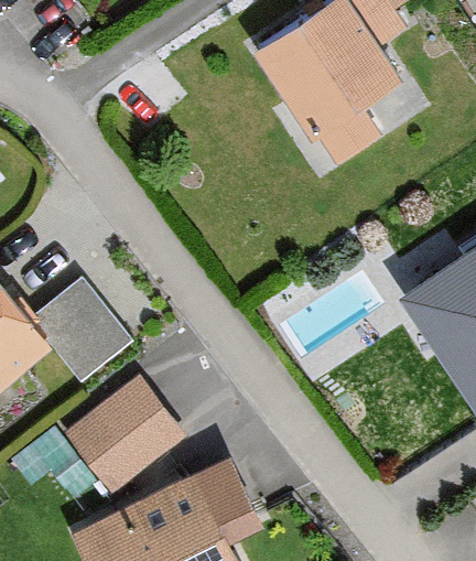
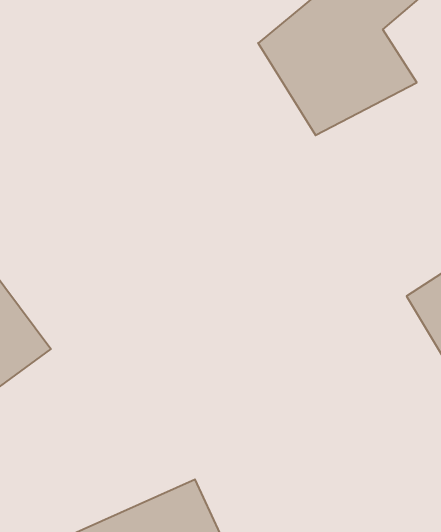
building: [39,267,137,368] -> none
building: [60,381,177,500] -> none

